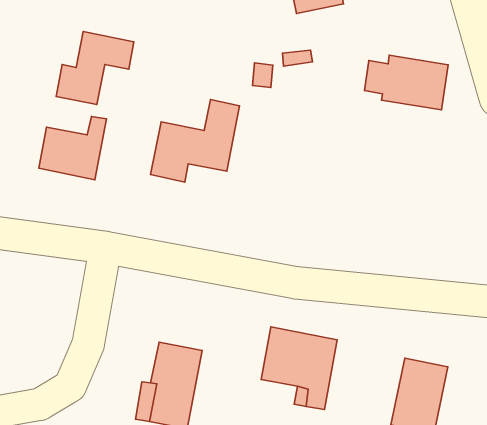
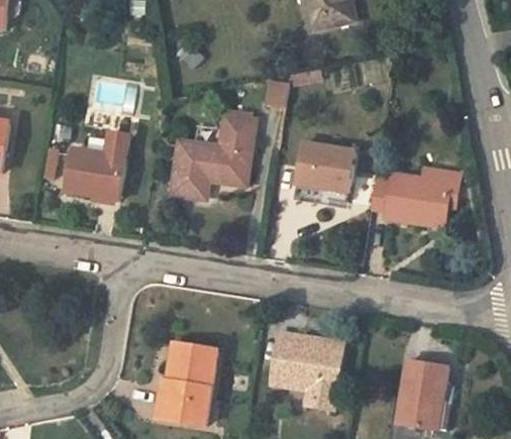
building: [56,32,134,105] -> none
building: [364,55,448,110] -> [379,175,457,226]
building: none -> [300,145,357,194]

